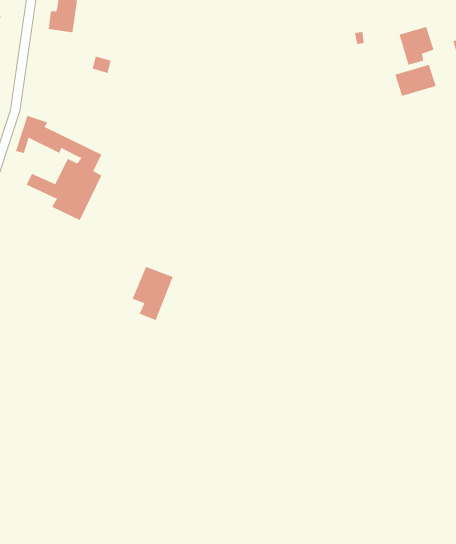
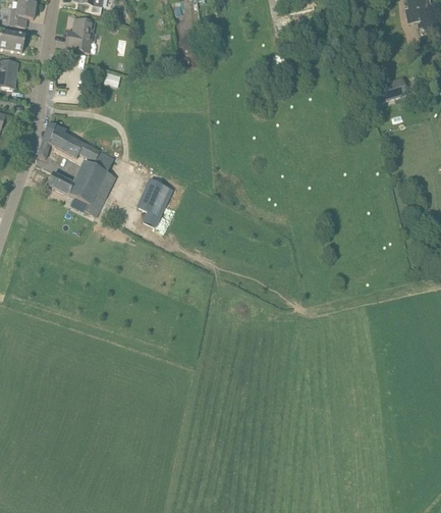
building: [399,26,434,66] -> none
building: [132,266,173,321] -> [136,178,173,226]

